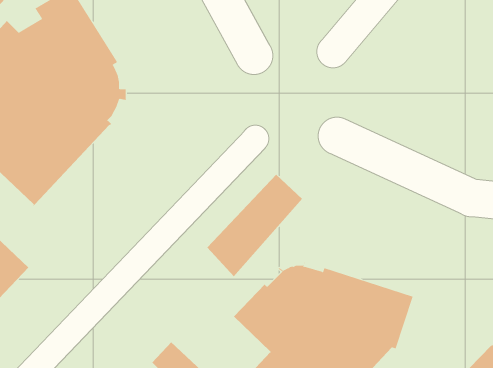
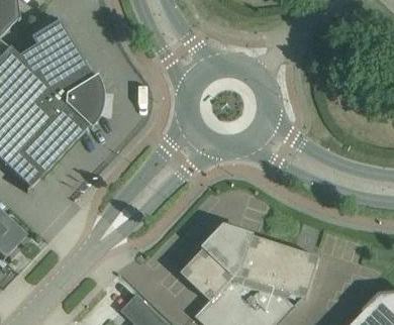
building: [207,174,303,277] -> none

